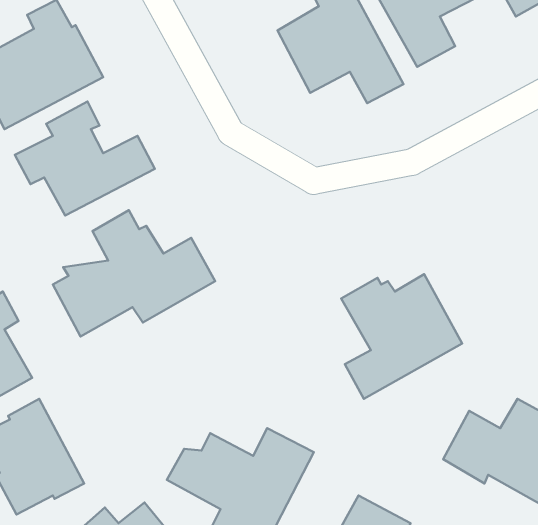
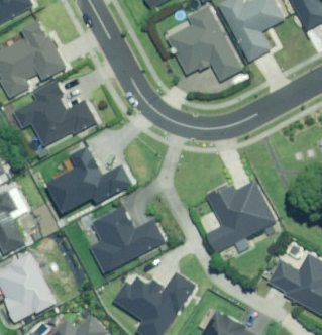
building: none -> [90,207,164,273]

